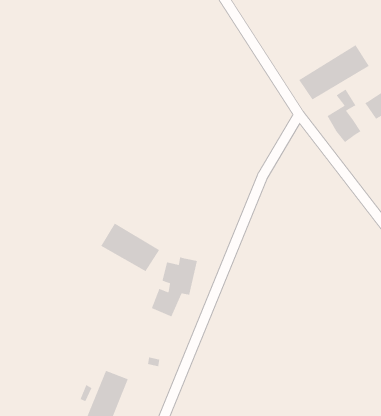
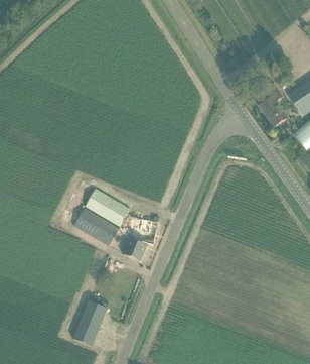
building: [298,44,370,100] -> none
building: none -> [72,207,118,245]

